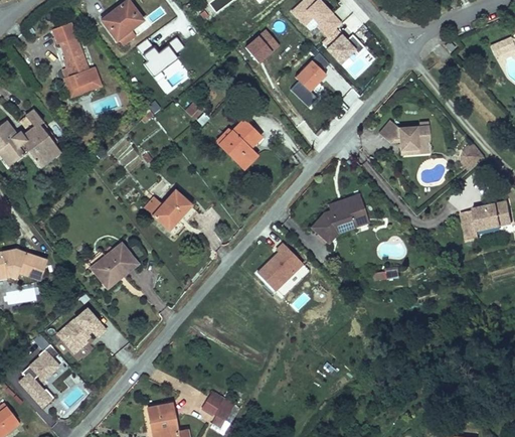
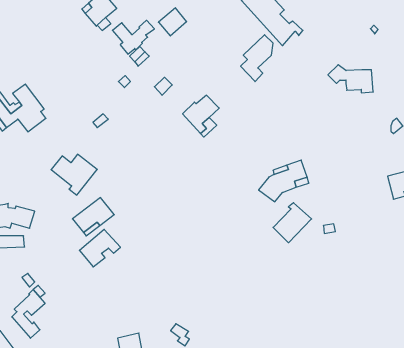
building: [55,22,102,90] -> none
building: [244,28,278,61] -> [158,8,187,36]
building: [380,123,434,156] -> [328,65,373,93]
building: [146,188,200,237] -> [51,154,97,195]
building: [256,242,302,289] -> [273,203,312,243]
building: [57,309,106,353] -> [79,229,120,267]

